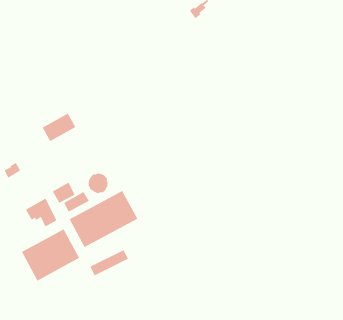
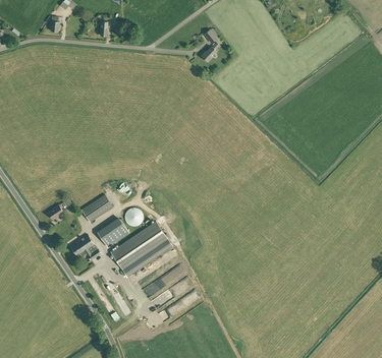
building: [42,113,76,142] -> [81,194,112,222]
building: [21,228,80,281] -> none

